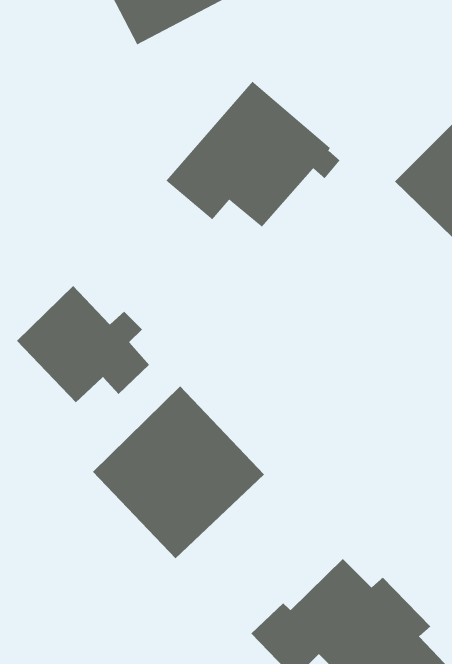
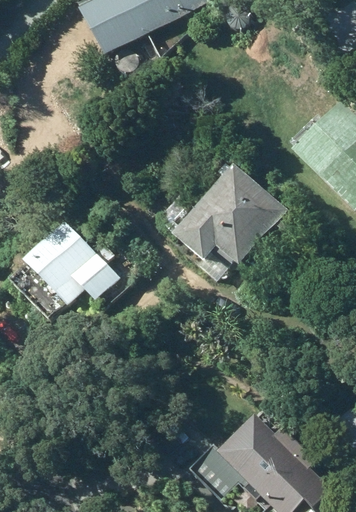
building: [166,81,340,227] -> [171,161,294,264]
building: [92,386,265,559] -> none

